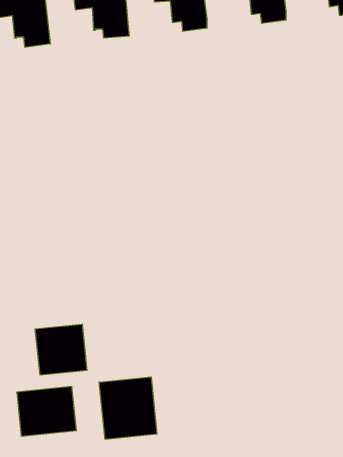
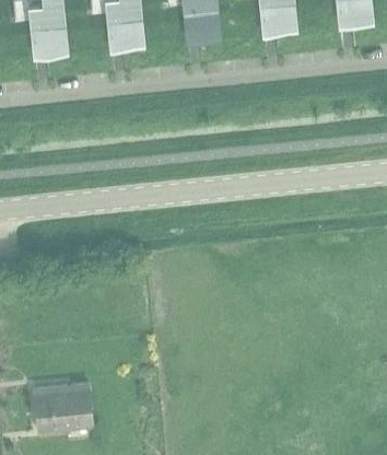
building: [35,324,87,375] -> none
building: [99,377,157,439] -> none

